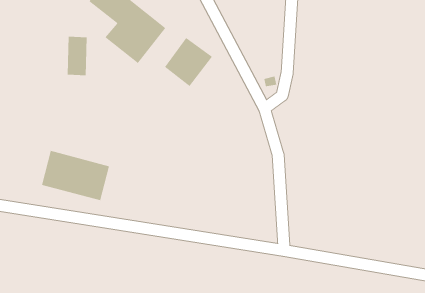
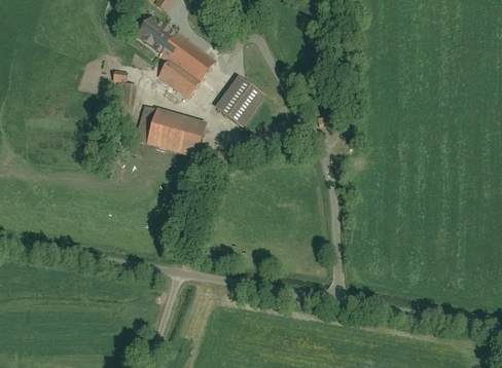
building: [41,150,110,201] -> [134,104,205,156]

